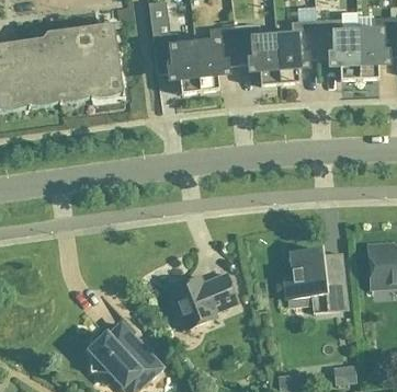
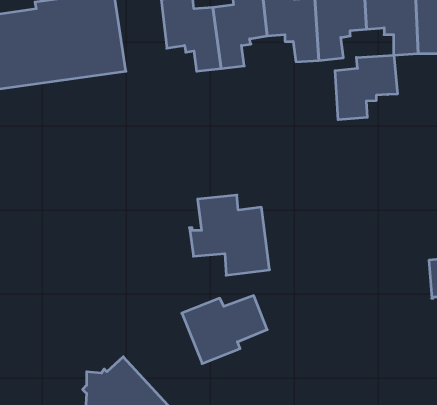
building: none -> [335,55,397,120]
building: [283,247,348,312] -> [189,195,270,275]

